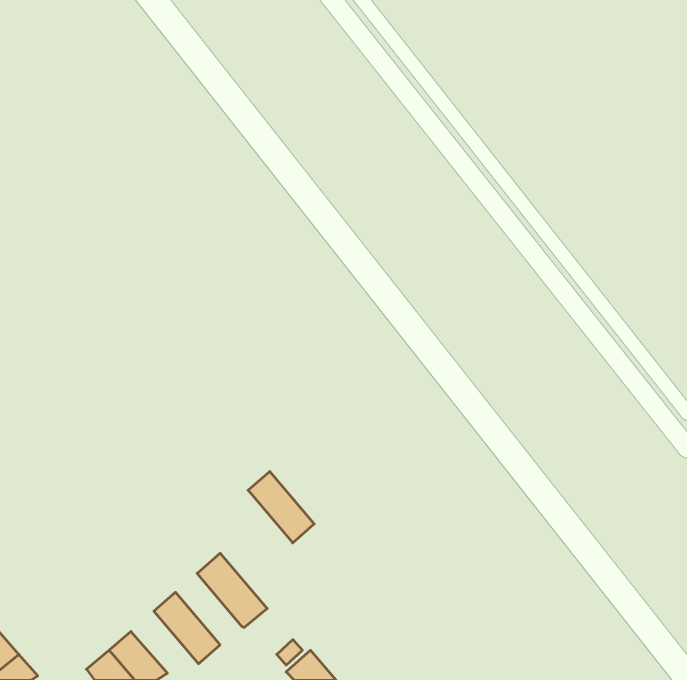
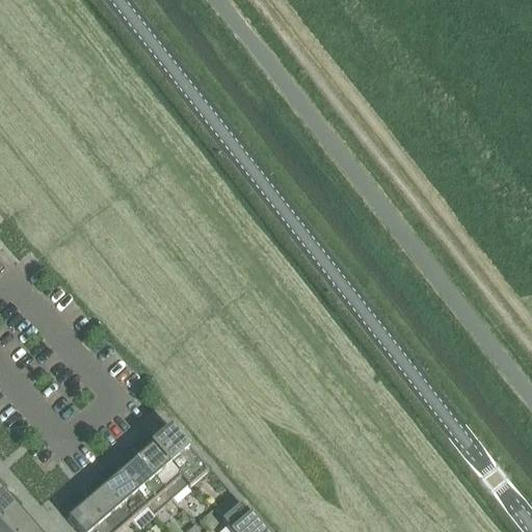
building: [248,471,314,543] -> [135,442,186,497]
building: none -> [101,471,153,518]

